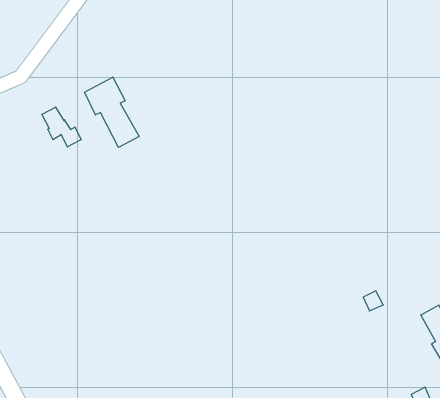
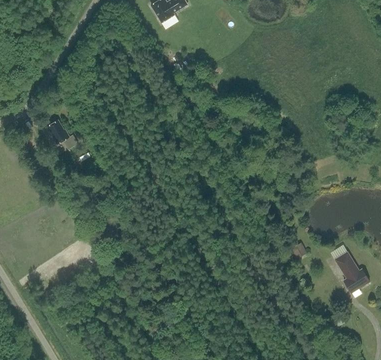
building: [84,77,139,147] -> none

